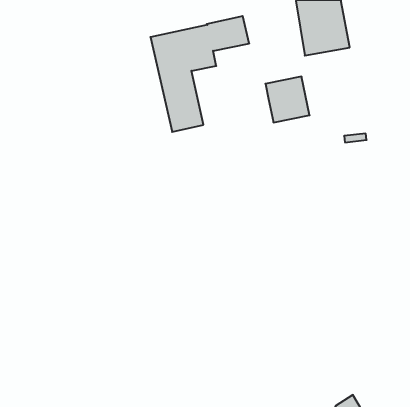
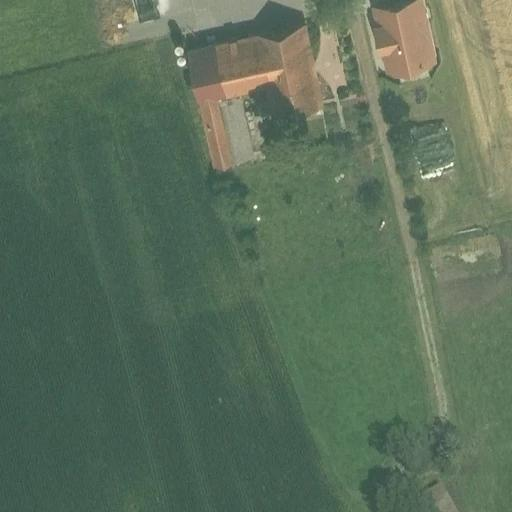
building: [265,77,310,122] -> [265,59,320,116]

